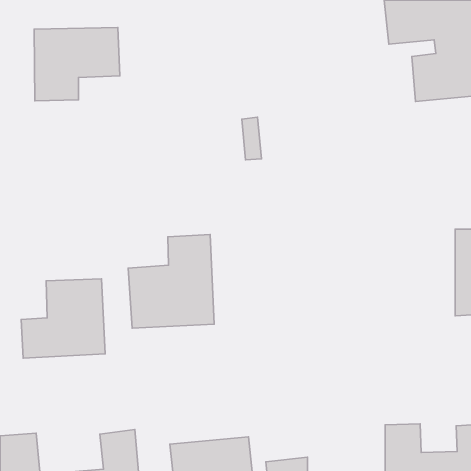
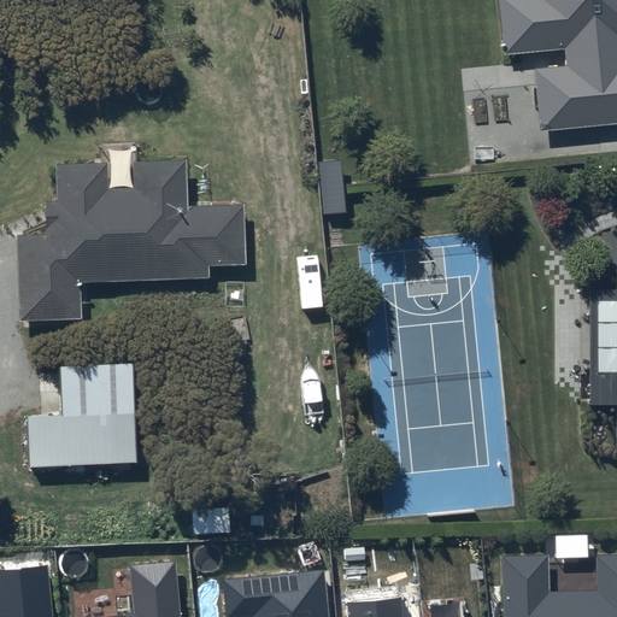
building: [34,27,120,101] -> none
building: none -> [16,158,242,316]
building: [128,235,214,328] -> none

